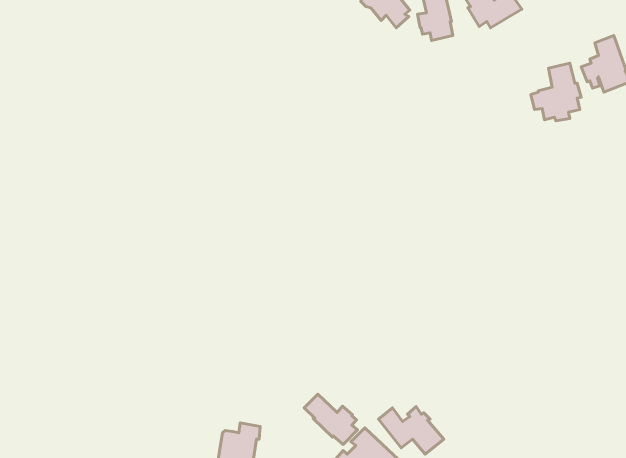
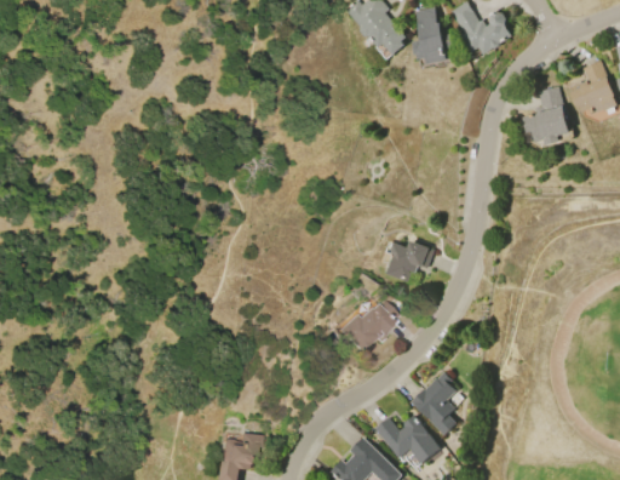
building: none -> [383,241,436,282]
building: none -> [341,302,400,352]
building: none -> [411,372,457,435]
building: [304,394,357,445] -> none

